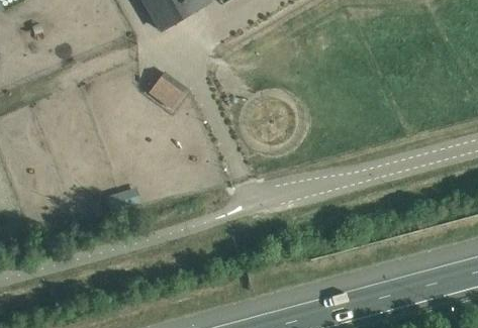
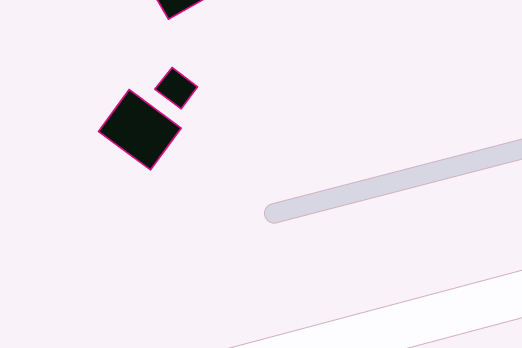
building: none -> [98,90,181,170]

